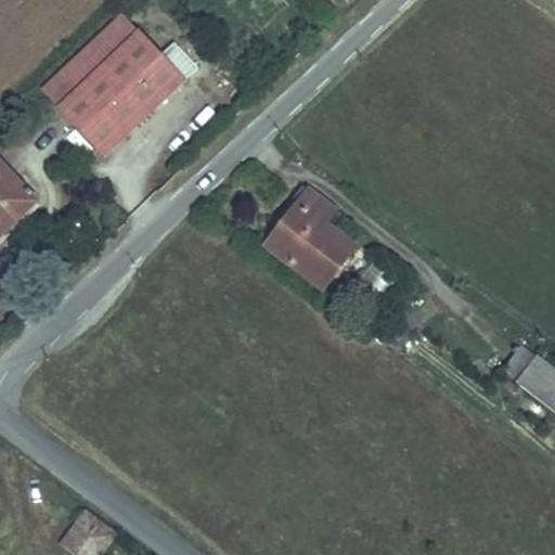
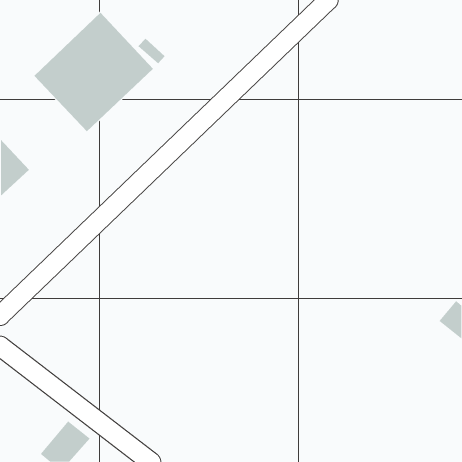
building: [269,189,351,280] -> none
building: [503,341,546,385] -> none

